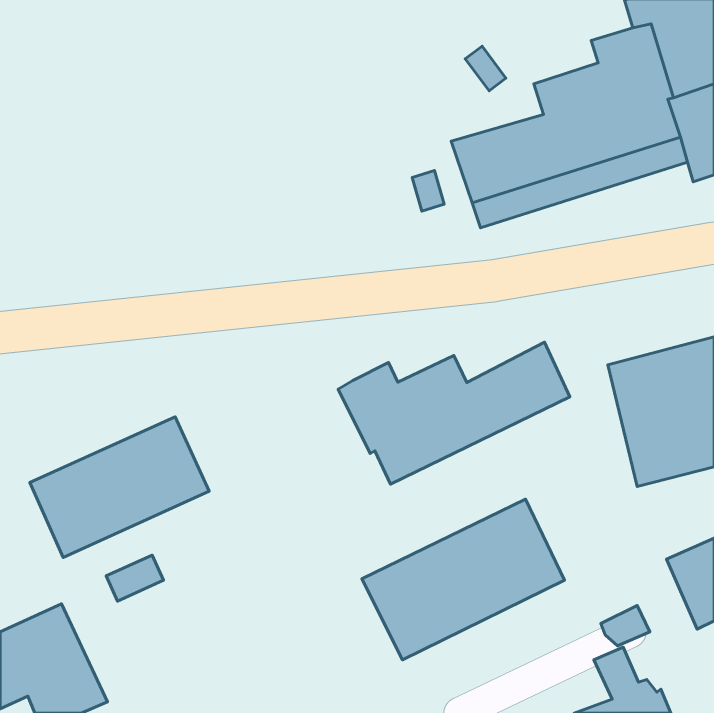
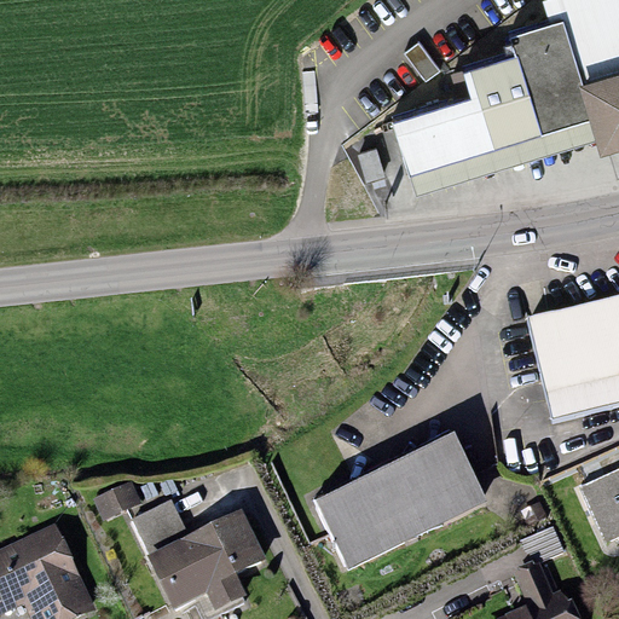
building: [338,342,570,484] -> none
building: [30,417,209,558] -> none
building: none -> [132,498,265,611]

